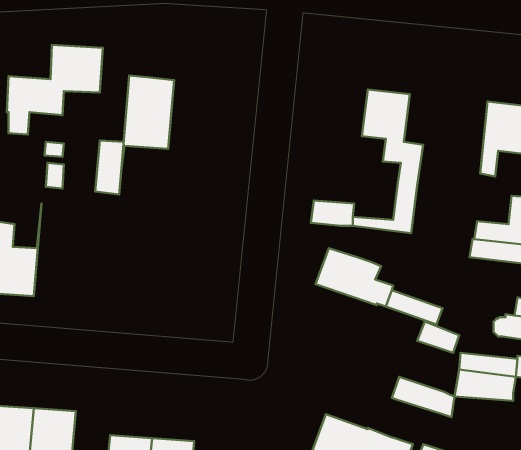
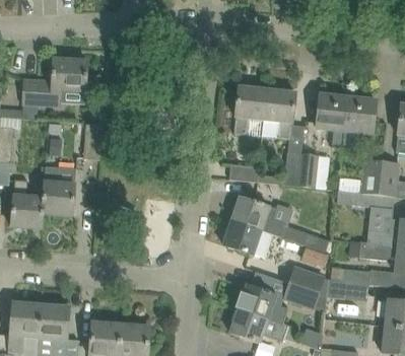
building: [122,76,174,168] -> [41,165,76,228]
building: none -> [233,85,267,134]
building: none -> [316,94,348,145]
building: none -> [296,153,316,187]
building: none -> [223,220,273,257]
building: none -> [288,267,325,293]
building: none -> [234,283,288,324]

